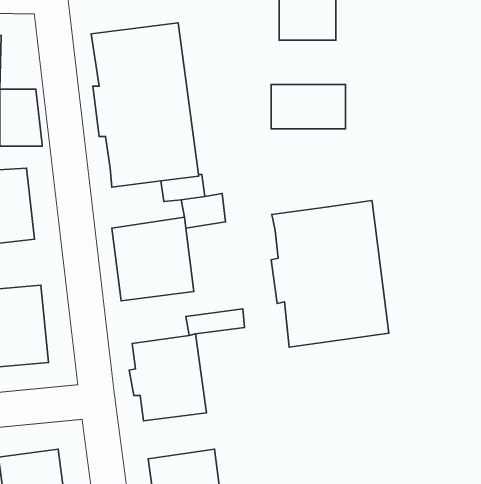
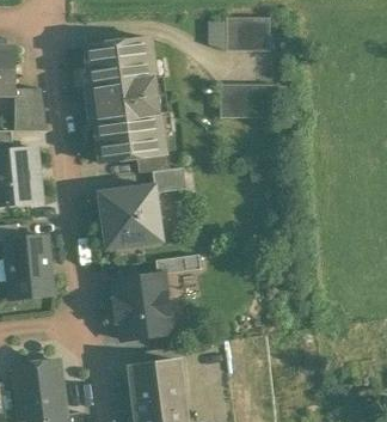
building: [271,201,389,347] -> none

